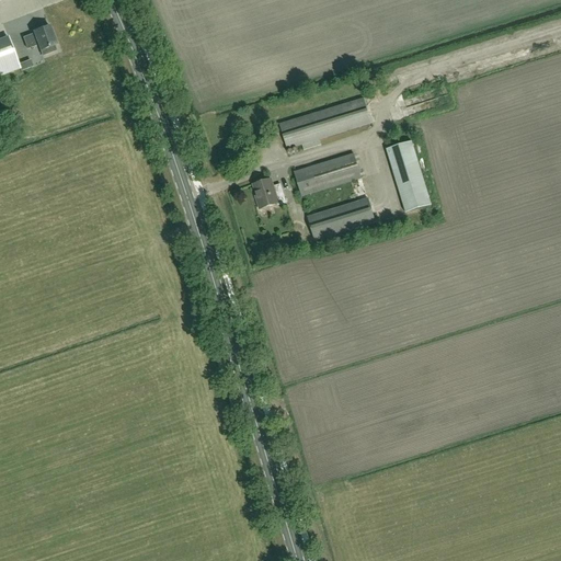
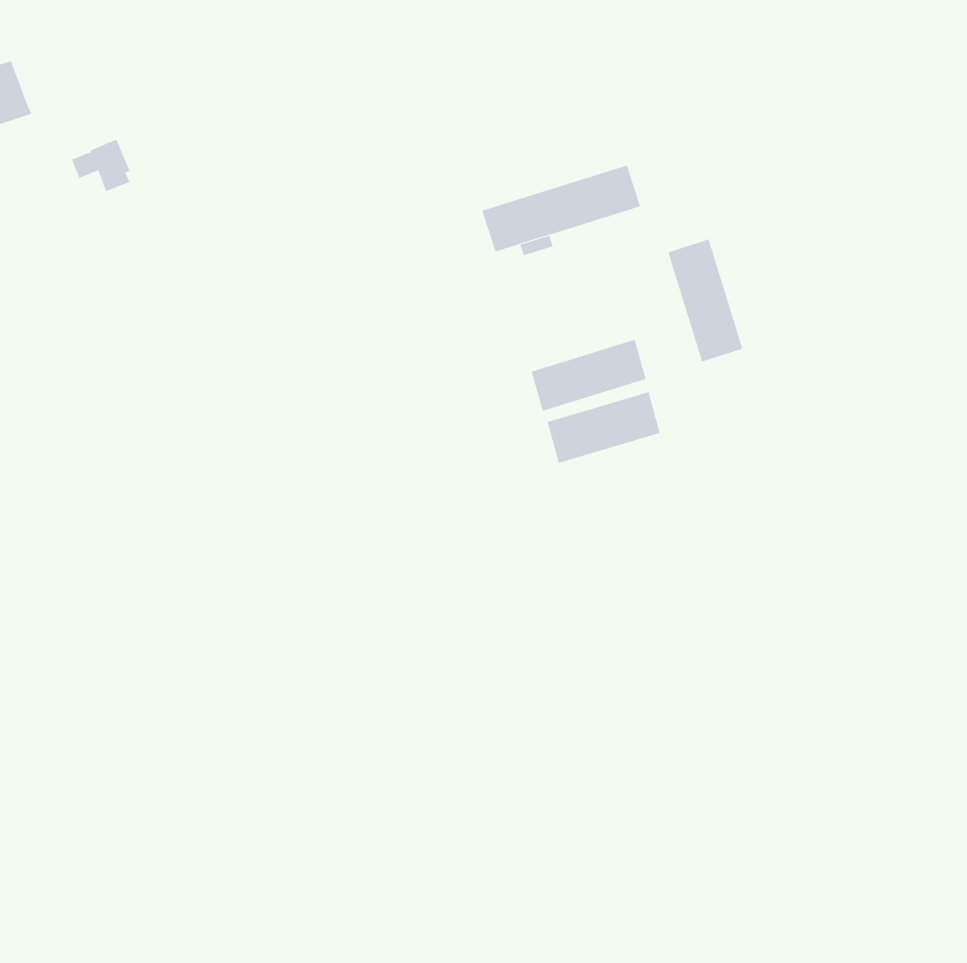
building: [22,23,56,54] -> [71,139,130,192]
building: [294,151,359,193] -> [547,391,661,463]
building: [252,176,285,206] -> none

